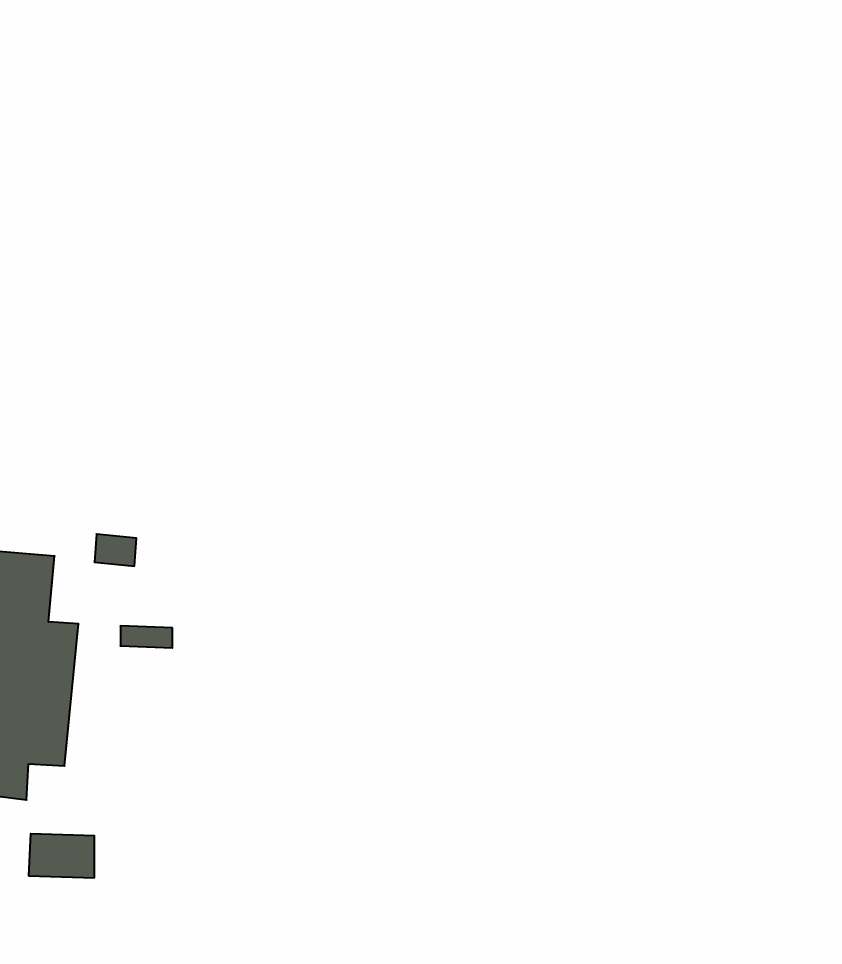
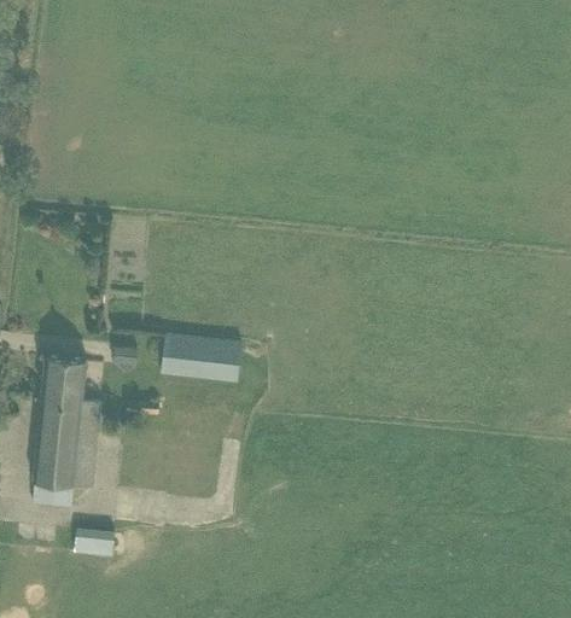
building: none -> [162,334,241,379]

